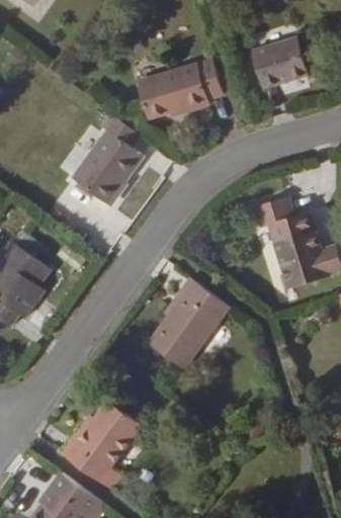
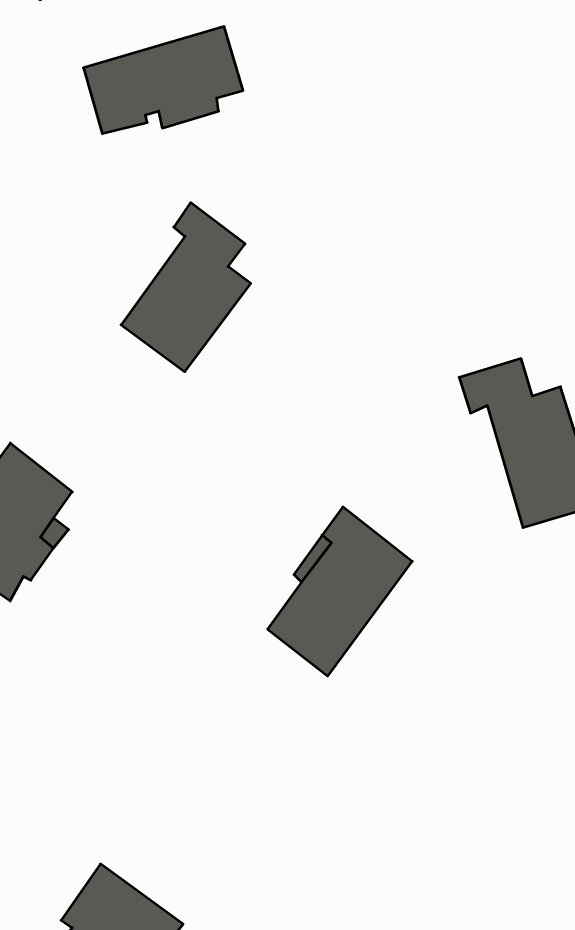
building: [250,37,307,88] -> none
building: [137,59,223,116] -> [83,27,243,134]
building: [62,399,143,486] -> none

